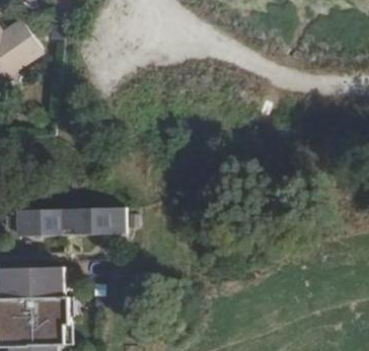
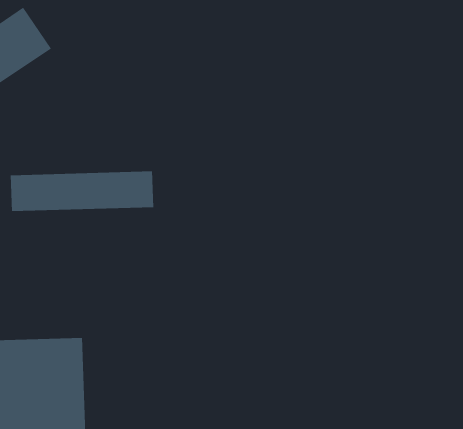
building: [17,207,126,237] -> [10,171,154,211]

